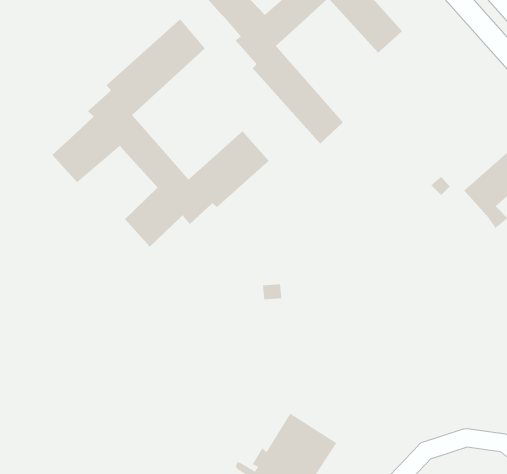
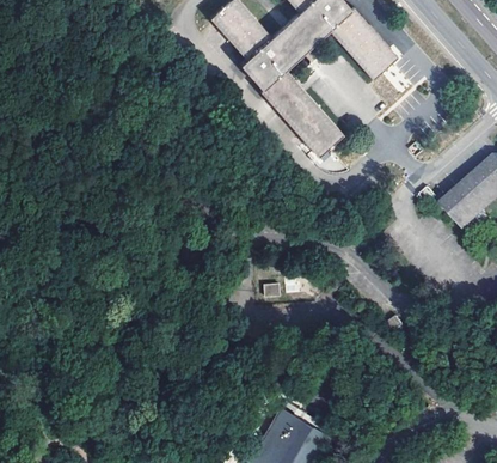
building: [52,19,270,247] -> none

